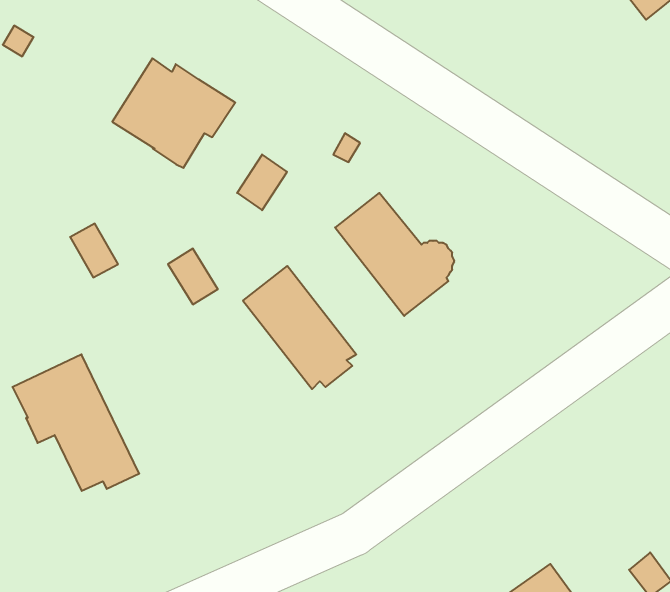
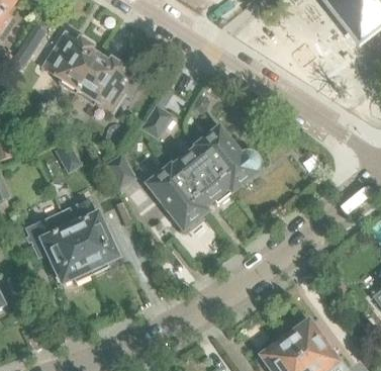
building: none -> [42,38,99,89]
building: none -> [170,145,231,211]
building: none -> [62,198,117,274]

